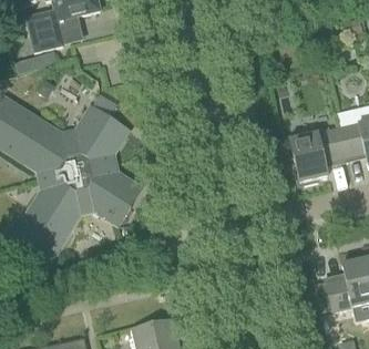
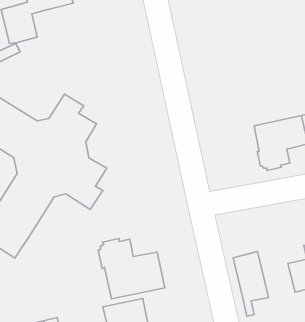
building: none -> [98,239,165,299]
building: none -> [233,251,269,316]

